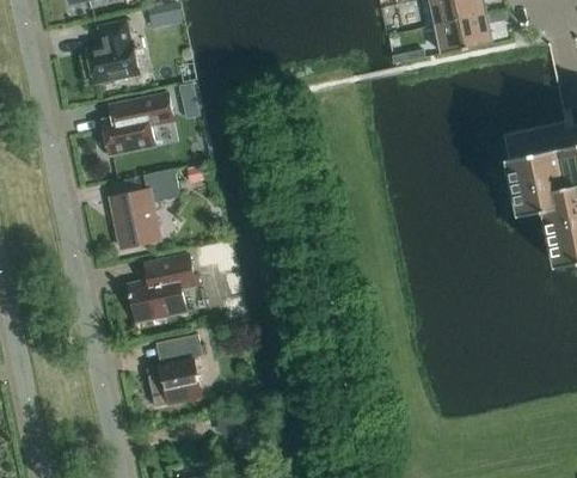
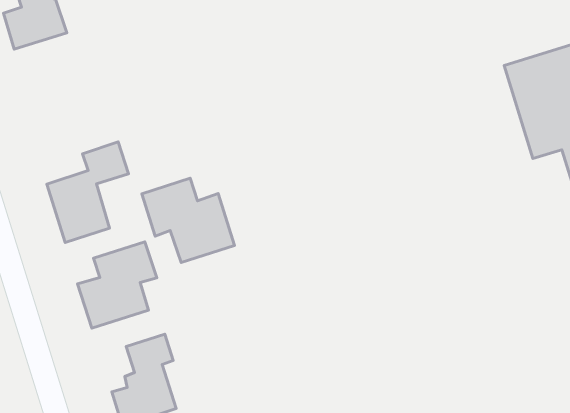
building: [97,92,173,155] -> none
building: none -> [142,178,235,263]

